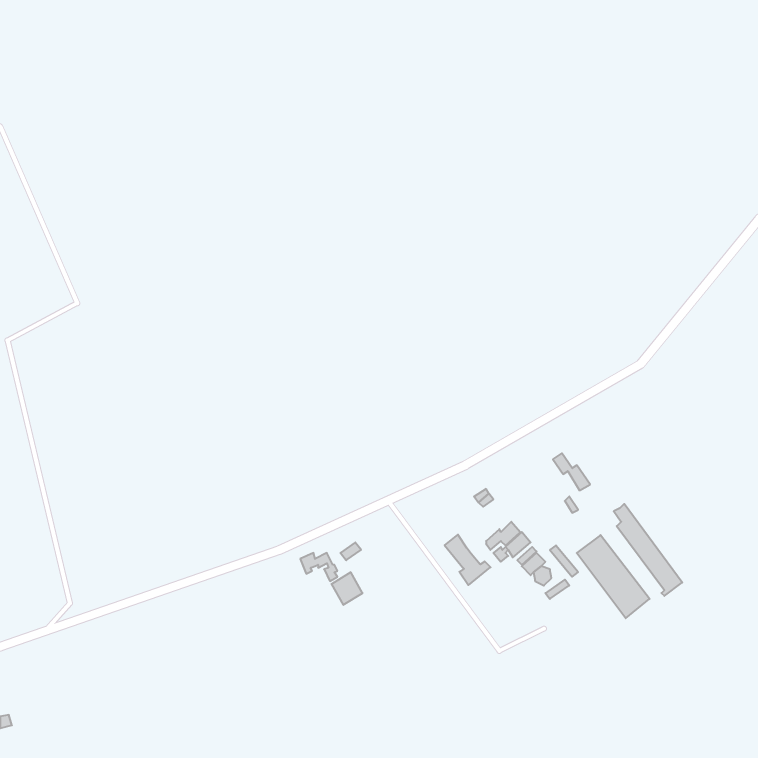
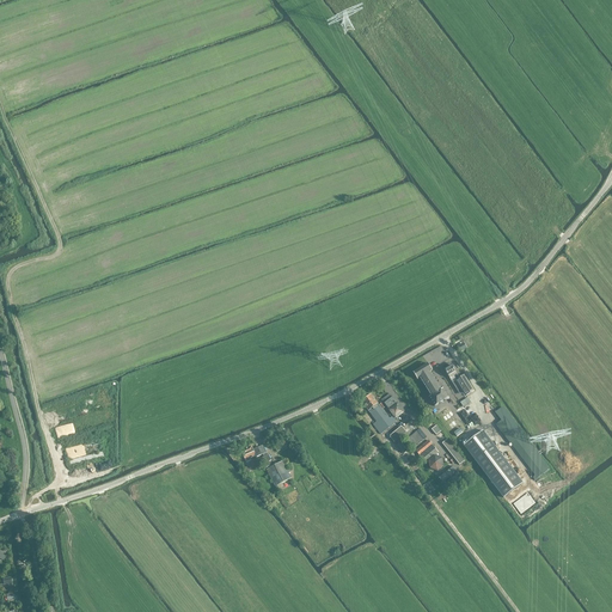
building: none -> [415,362,451,404]
building: [445,535,491,585] -> [362,393,399,434]

